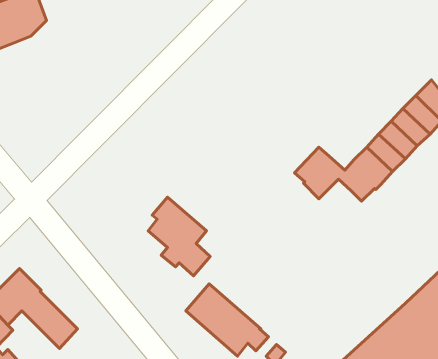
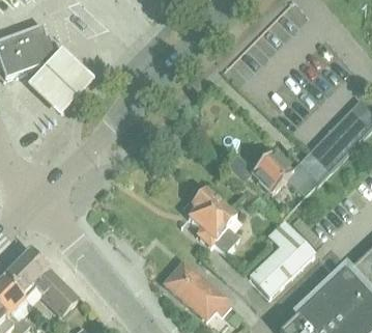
building: none -> [26,55,93,122]
building: [148,197,210,276] -> [188,189,237,252]
building: none -> [250,218,315,295]

